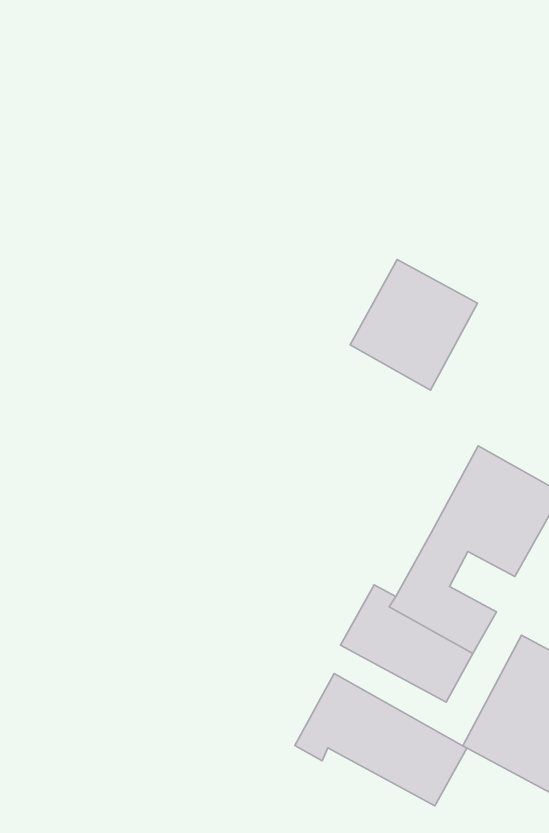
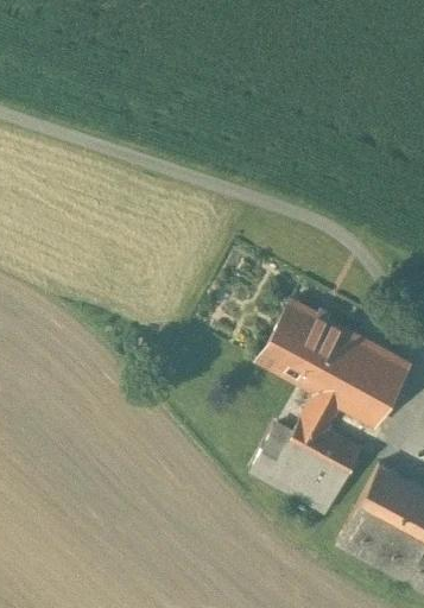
building: [350,259,477,390] -> [260,300,350,393]
building: [295,673,467,806] -> none

